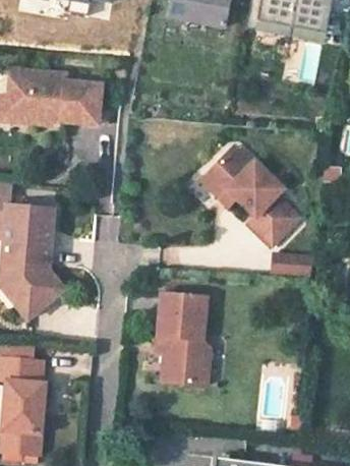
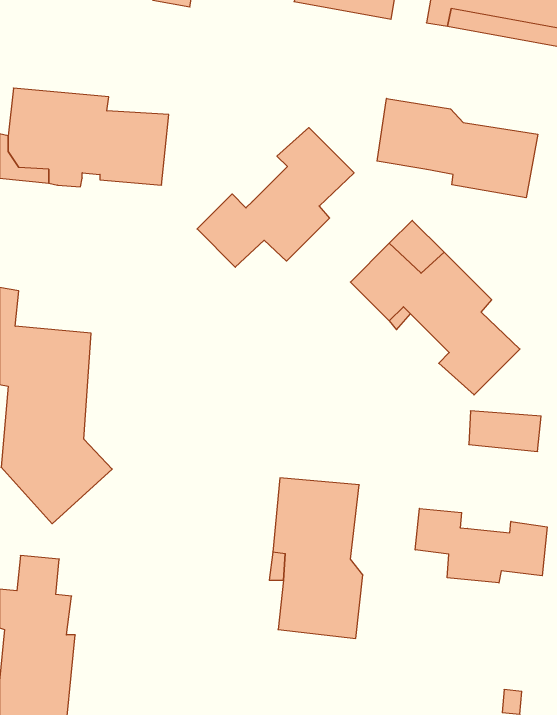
building: none -> [377,98,538,198]
building: none -> [197,128,354,267]
building: none -> [415,508,547,583]

